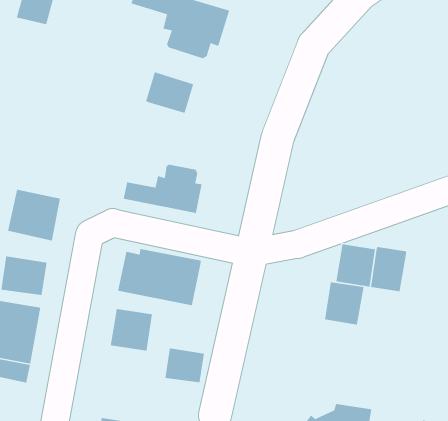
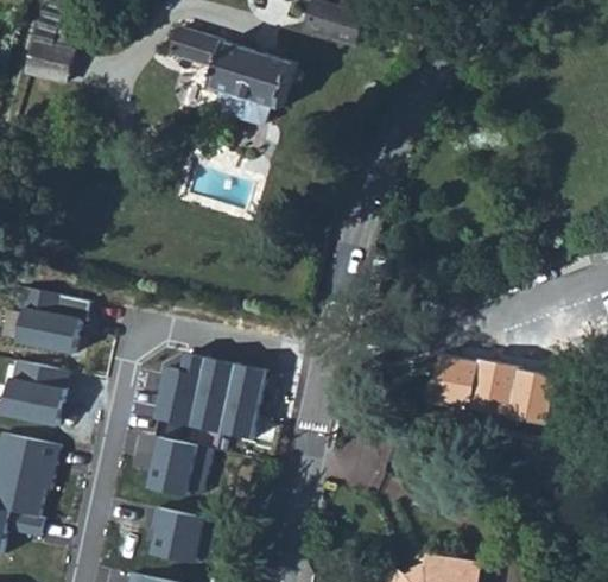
building: [145,72,194,114] -> none
building: [123,164,202,214] -> none
building: none -> [511,369,556,424]
building: [324,281,365,326] -> none
building: [164,347,205,383] -> [148,511,200,556]

